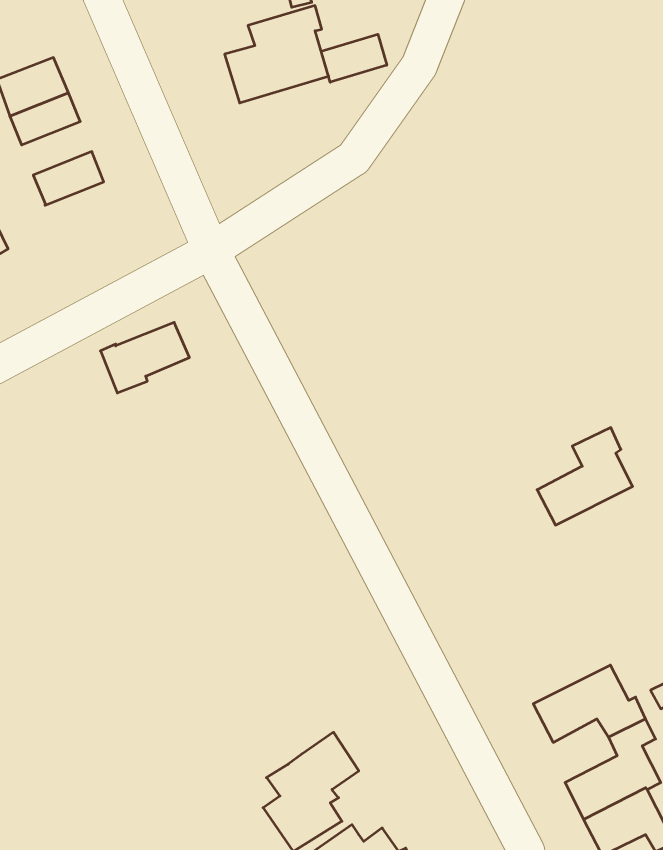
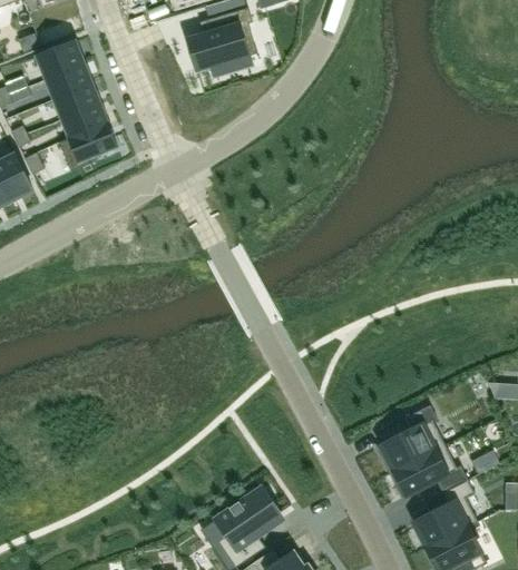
building: [321,34,387,82] -> none
building: none -> [52,82,99,118]
building: [100,322,189,393] -> [58,122,117,169]
building: [537,428,633,525] -> [380,404,443,469]

